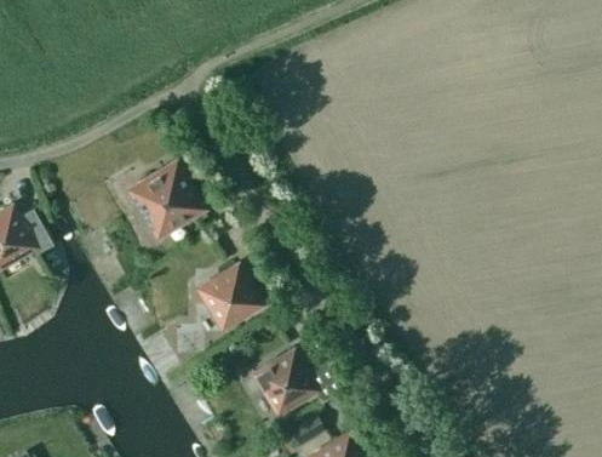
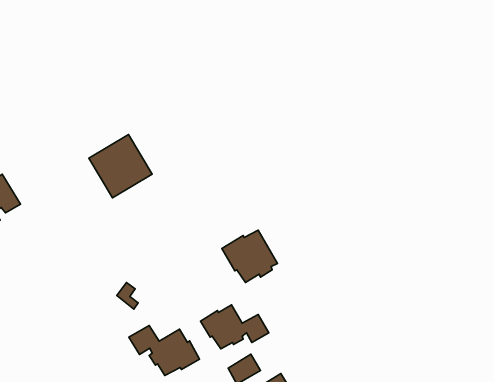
building: [194,268,257,327] -> [222,230,278,283]
building: none -> [129,325,200,375]

